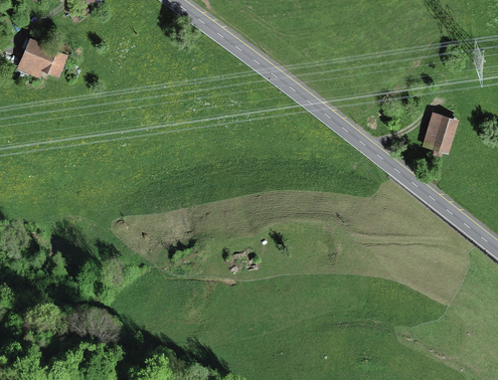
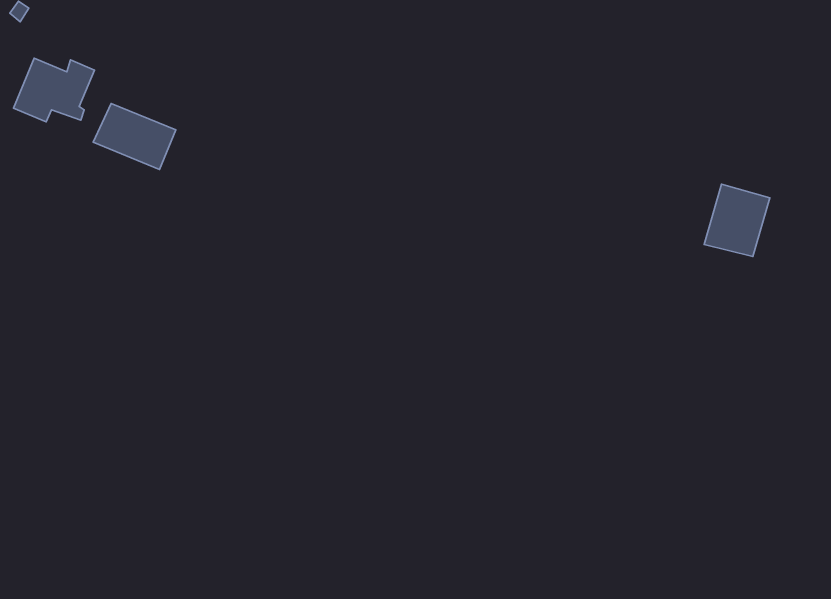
building: none -> [93,104,176,169]

